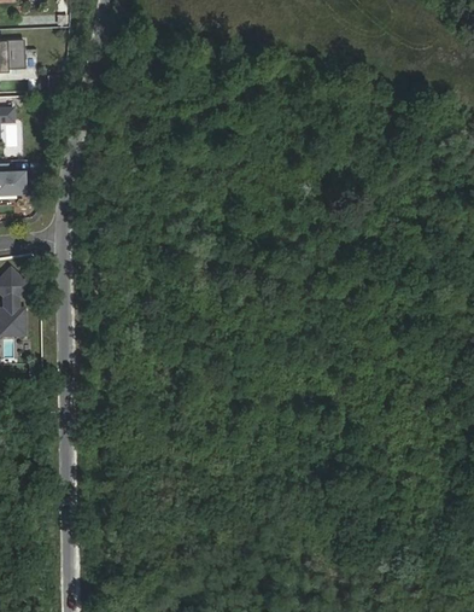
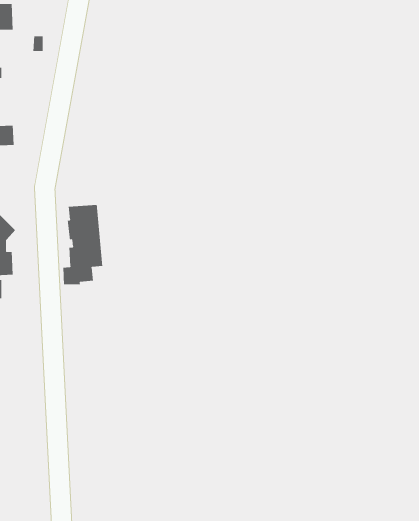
building: none -> [63,204,103,285]

